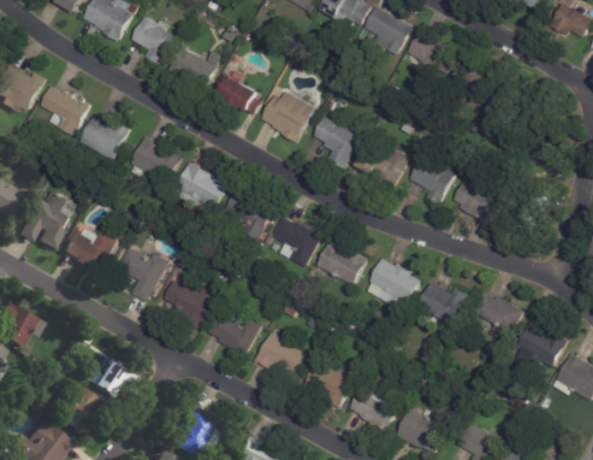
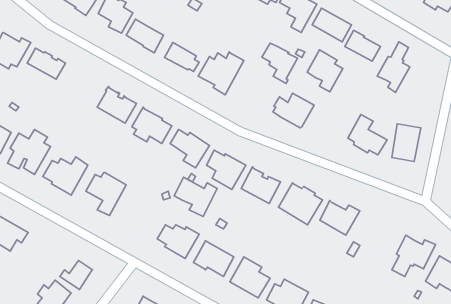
building: none -> [377,42,410,93]
building: [79,113,130,159] -> none
building: [314,118,360,170] -> [262,43,297,83]
building: [410,151,456,205] -> [307,50,343,92]
building: [161,278,217,329] -> [174,177,217,216]
building: [474,290,523,341] -> none

